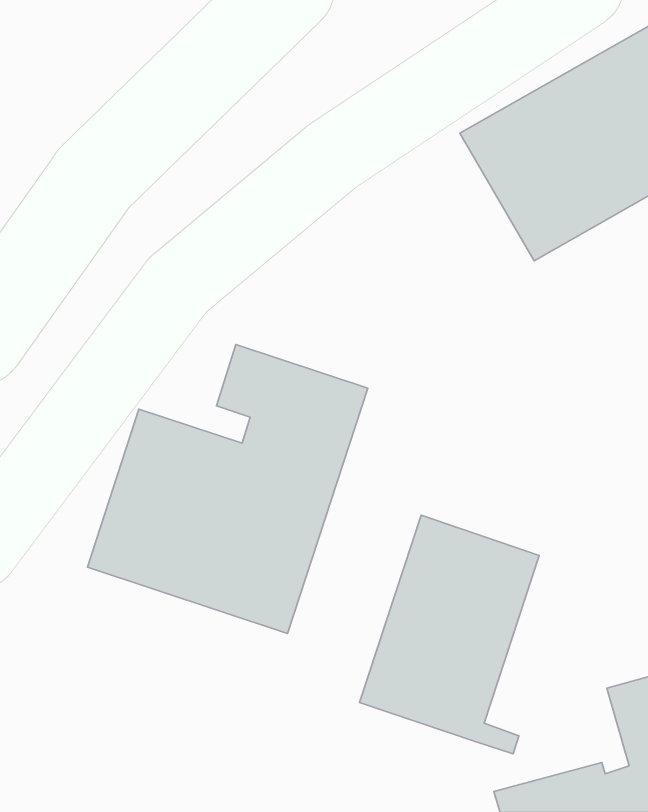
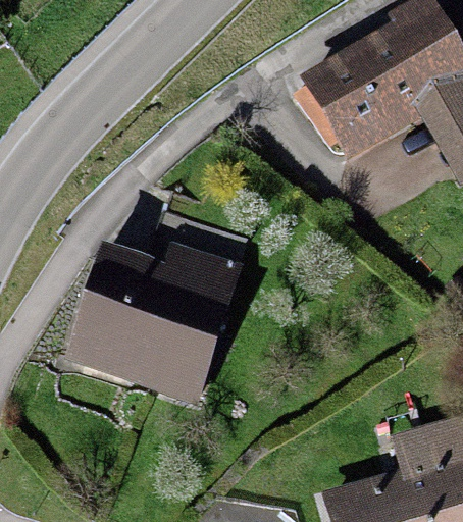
building: [359,515,539,754] -> none

